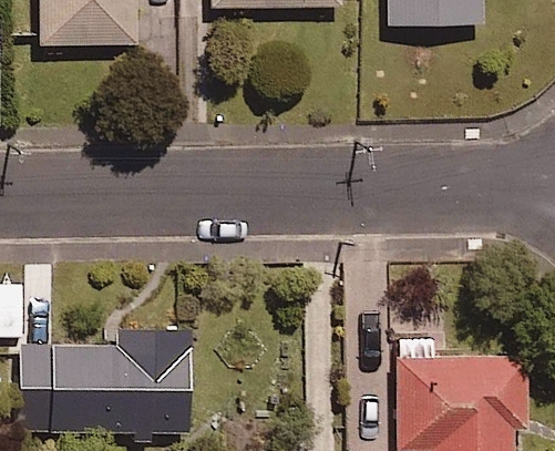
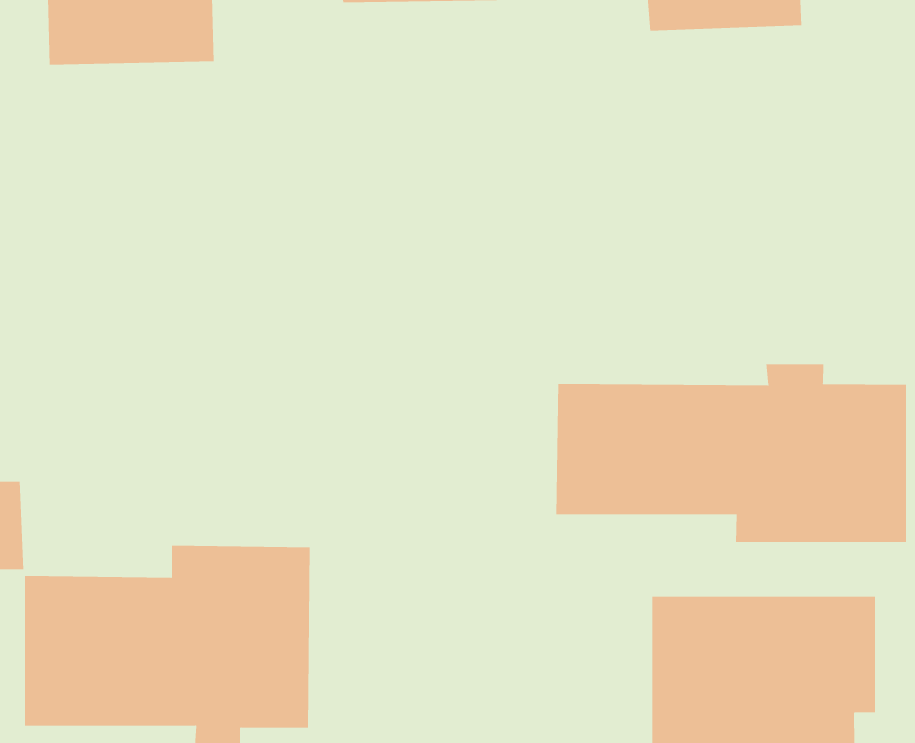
building: none -> [556,363,907,543]

